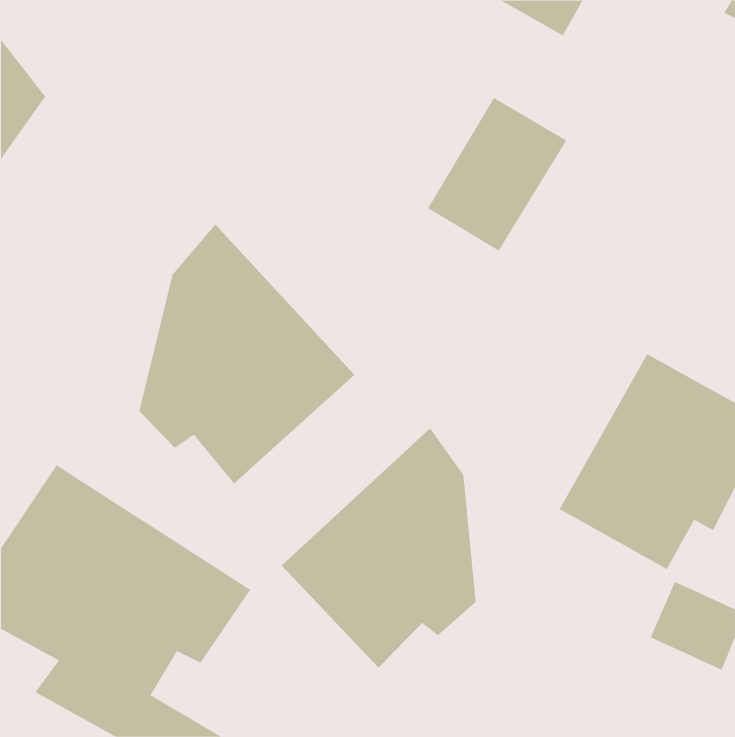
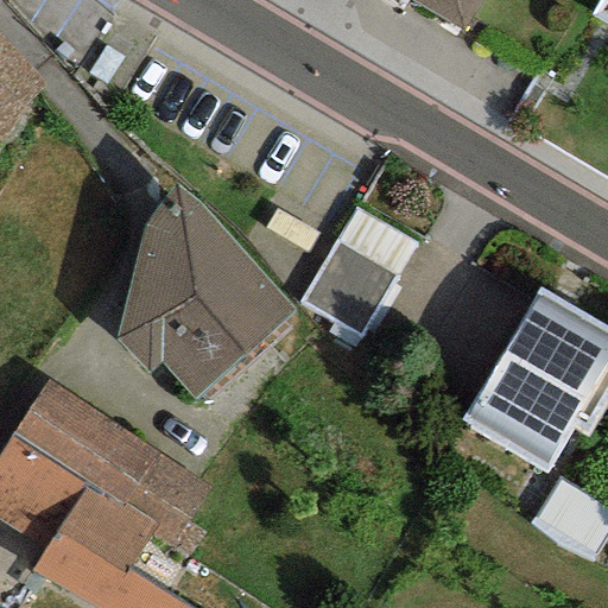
building: [427,97,567,252] -> [302,209,417,336]
building: [281,428,476,669] -> none

